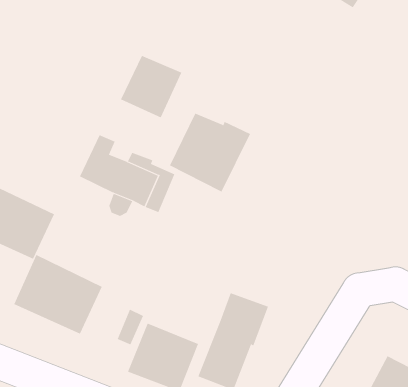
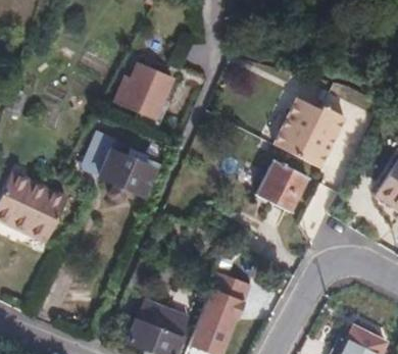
building: [169,113,251,192] -> [273,99,345,168]
building: none -> [256,158,309,210]
building: [13,254,103,334] -> none

